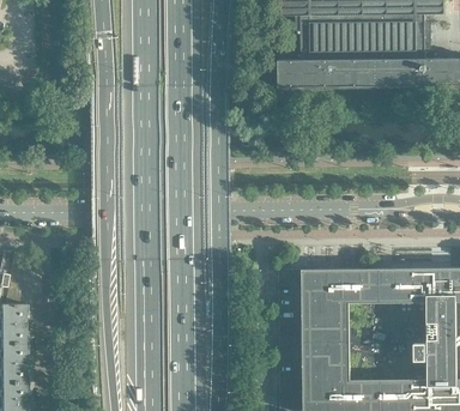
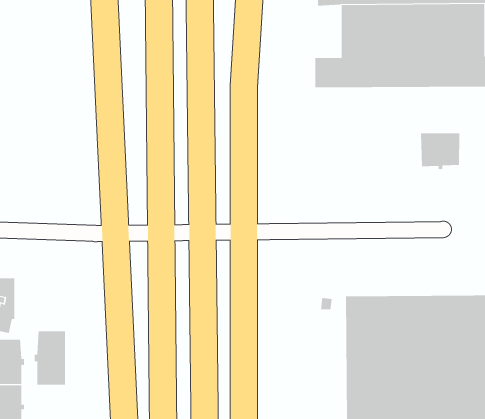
building: none -> [420,133,460,170]
building: none -> [34,330,66,386]

